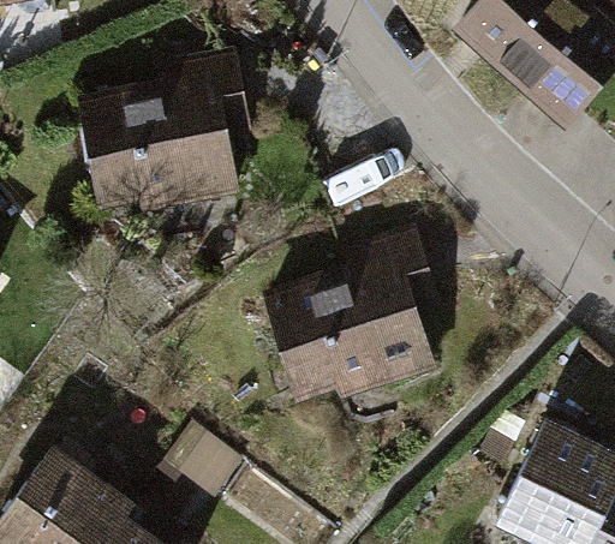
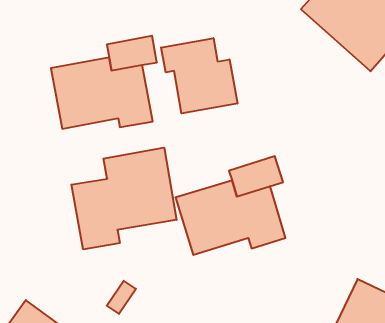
building: none -> [161,38,237,113]
building: none -> [71,148,177,249]

